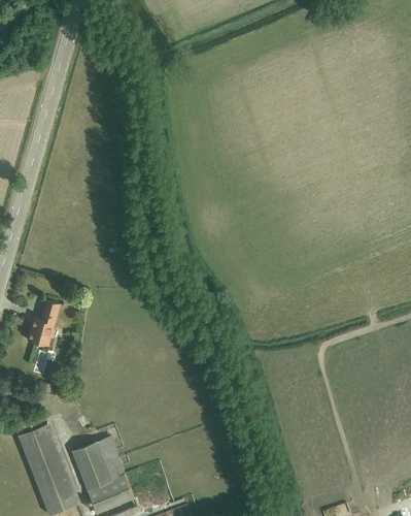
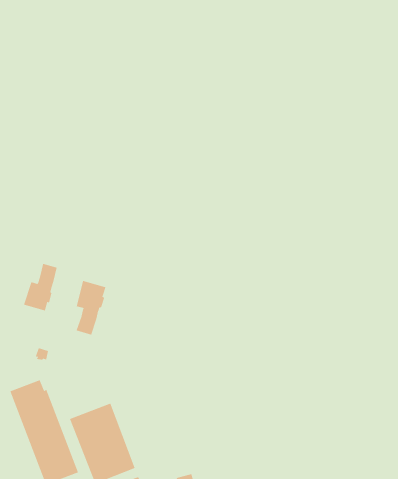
building: none -> [76,280,106,335]

